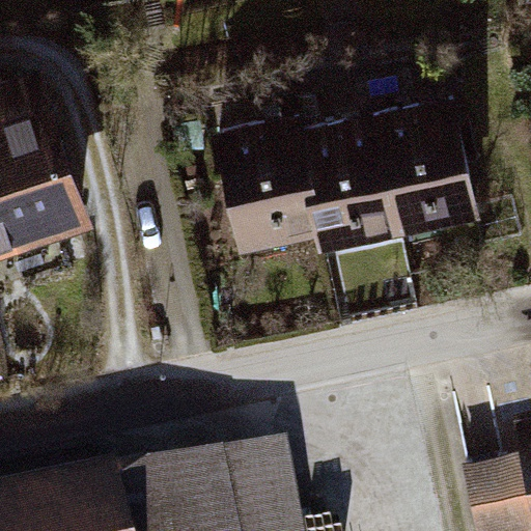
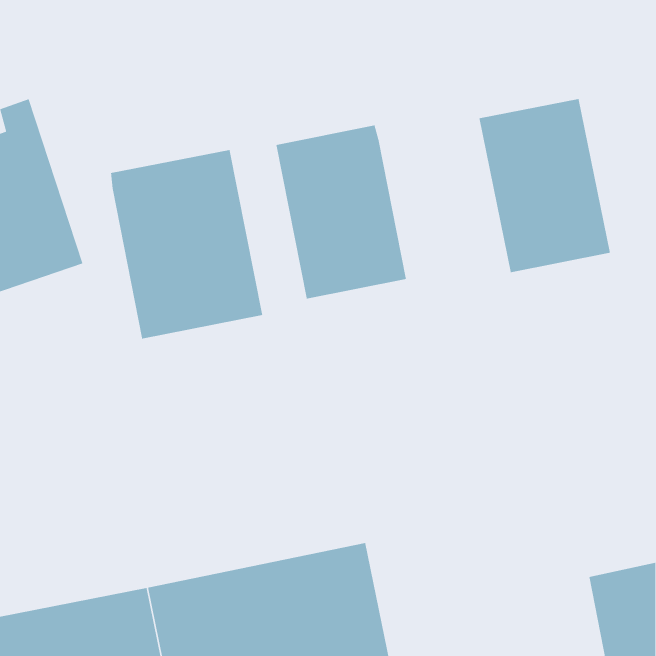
building: [297,109,399,246] -> none
building: none -> [110,149,263,339]

